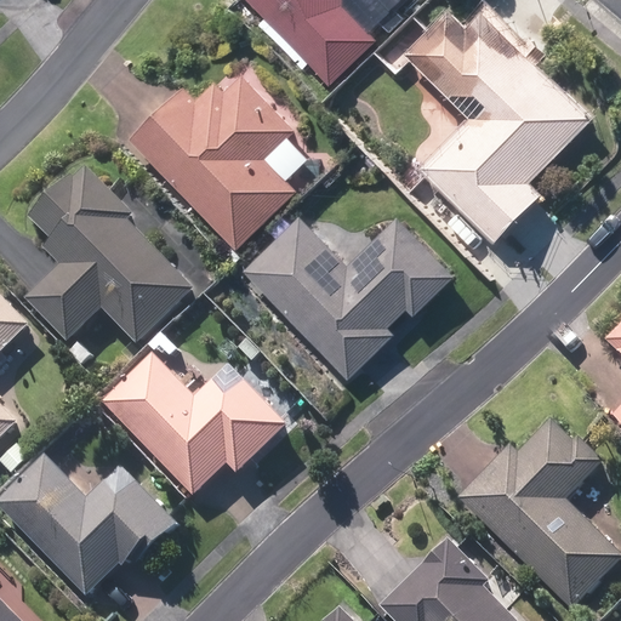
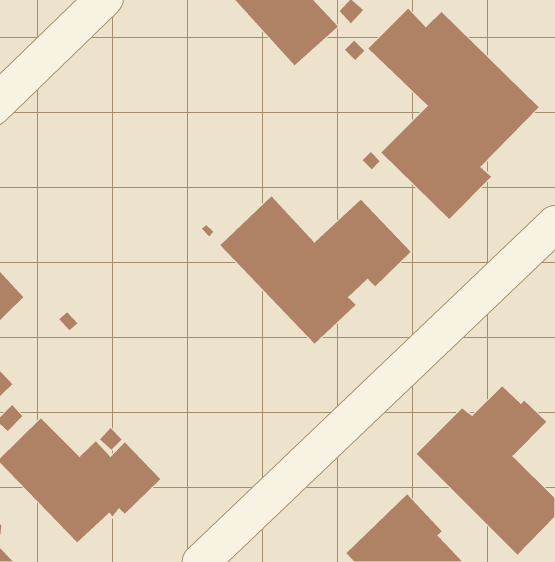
building: [129,67,308,241] -> none
building: [24,171,192,343] -> none
building: [102,355,285,496] -> none

